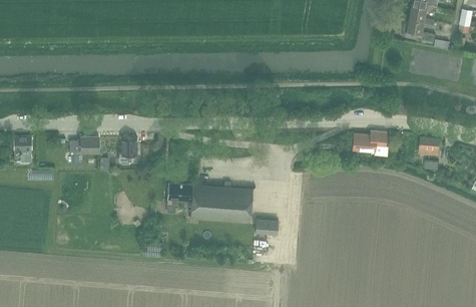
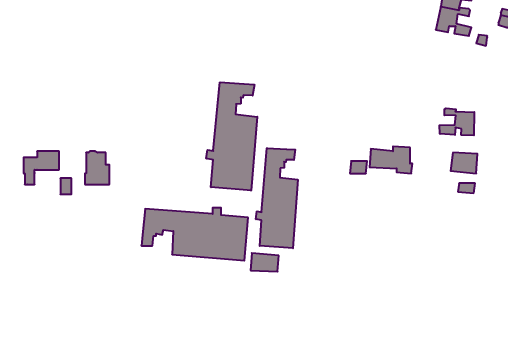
building: none -> [206,82,257,191]
building: none -> [439,108,474,135]
building: none -> [256,148,298,248]

